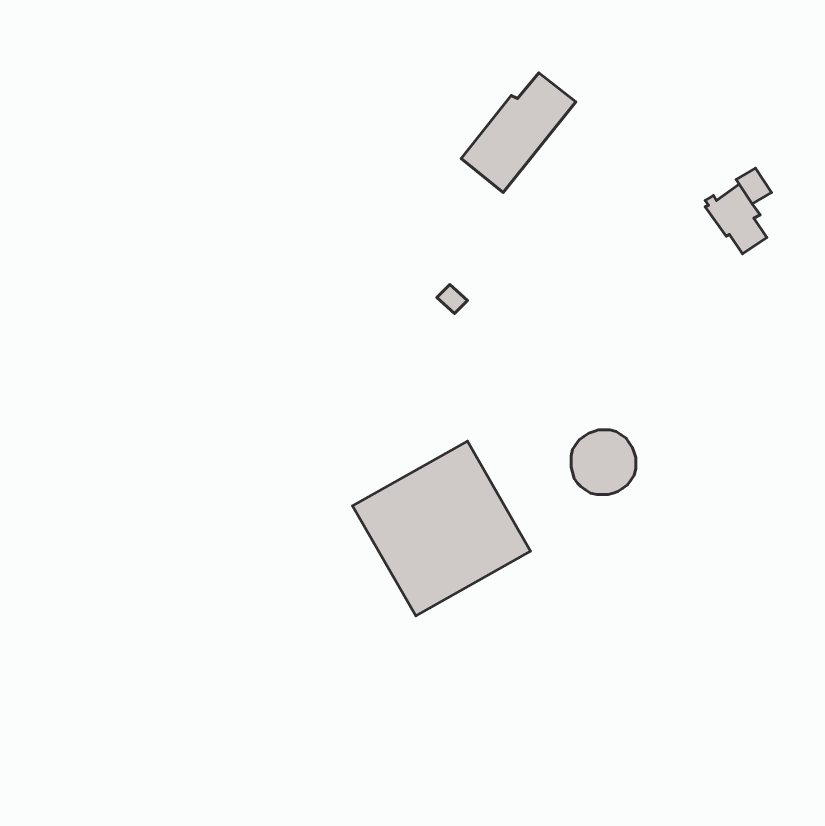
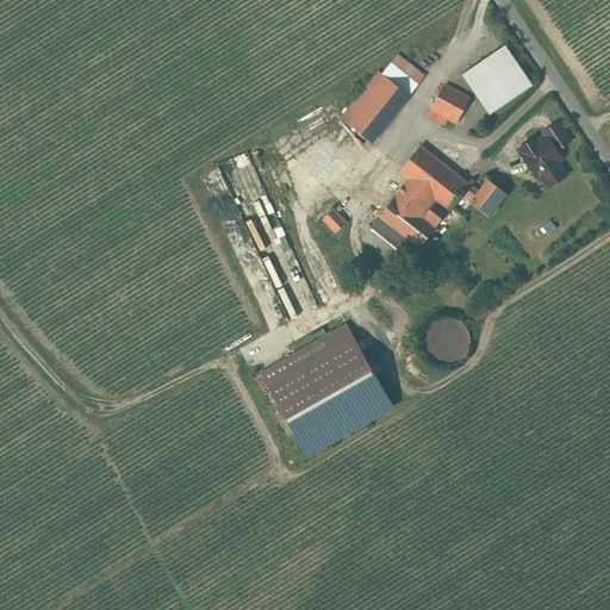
building: none -> [462,46,530,113]
building: none -> [430,85,468,123]
building: none -> [359,144,505,263]

